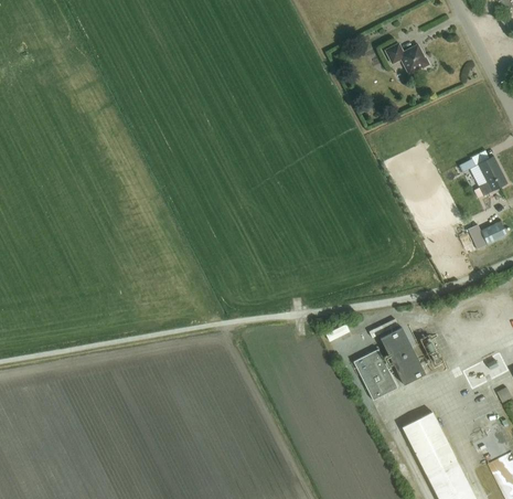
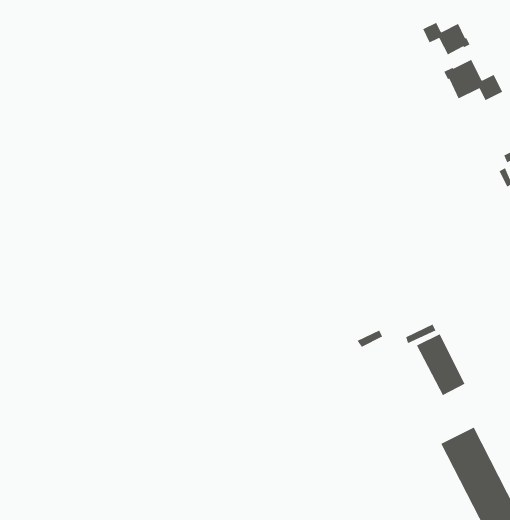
building: none -> [443,59,503,101]
building: [353,349,397,400] -> none

